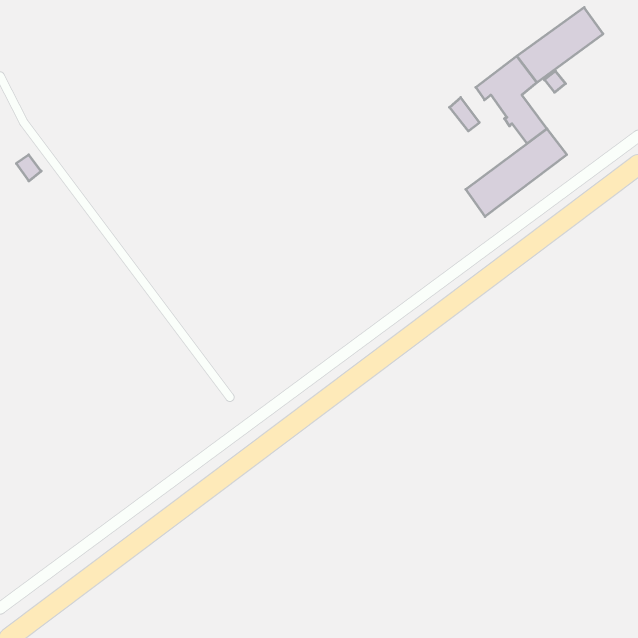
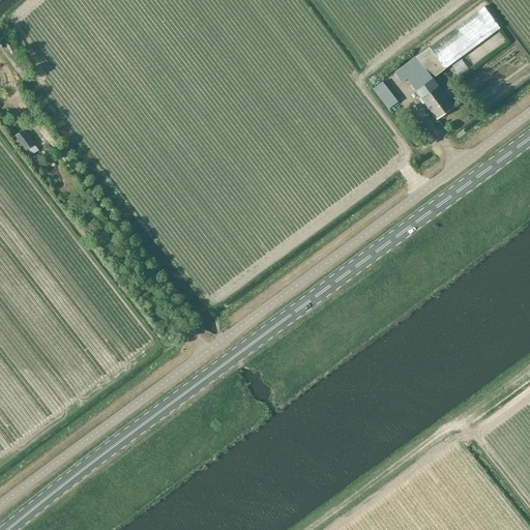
building: [466,129,567,217] -> none

